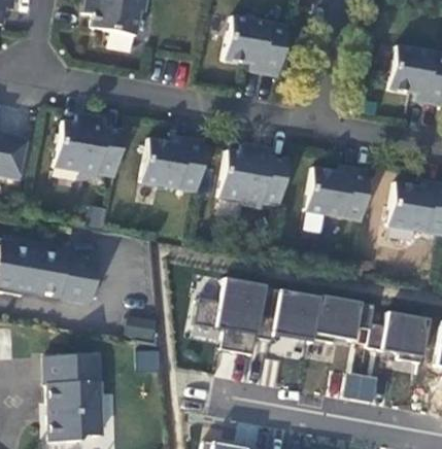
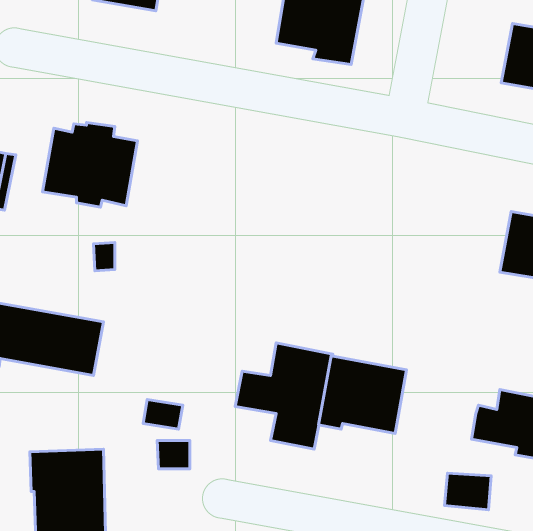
building: [141,137,206,191] -> none
building: [219,145,288,208] -> none
building: [306,166,371,220] -> none
building: [312,295,375,342] -> none

